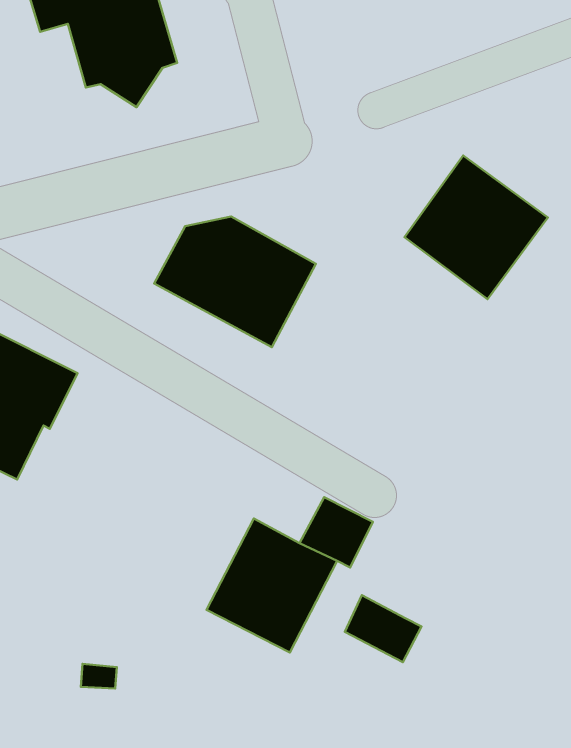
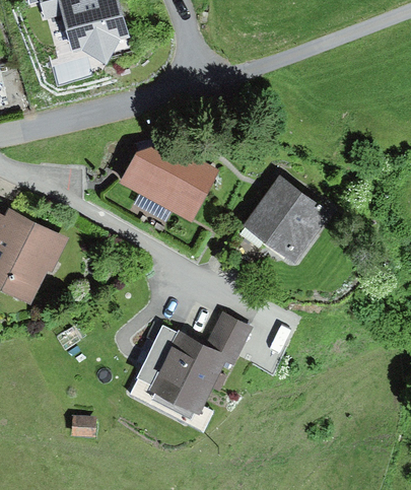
building: [404,155,548,299] -> [242,171,331,261]
building: [345,595,421,662] -> none

